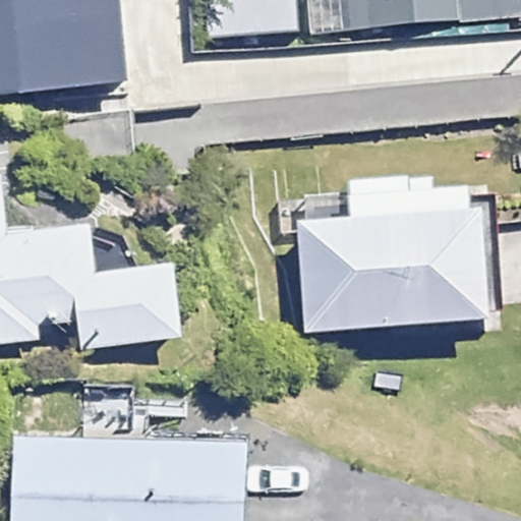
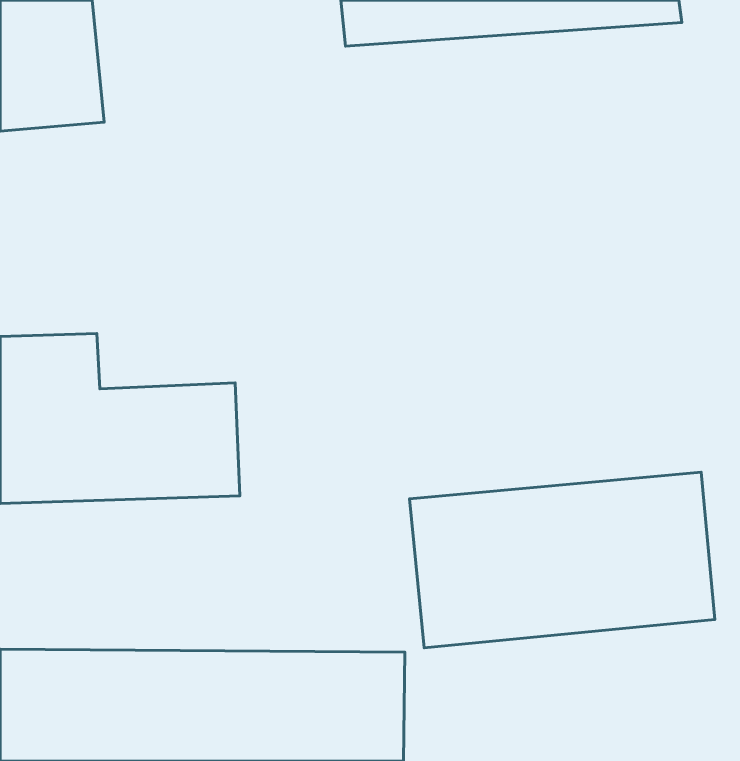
building: [270,205,478,325] -> [409,472,715,648]

